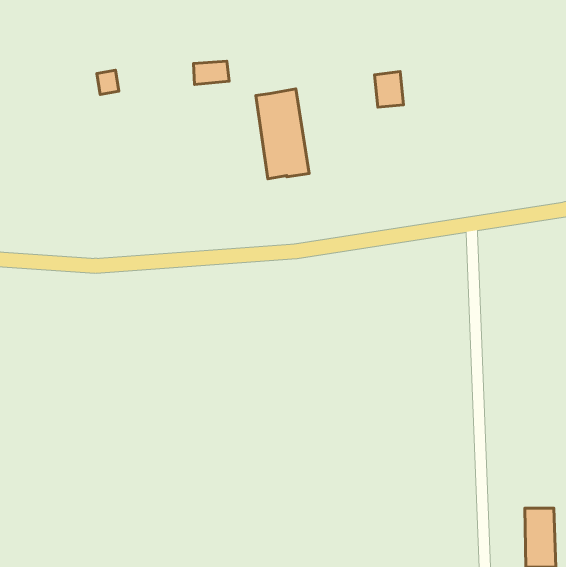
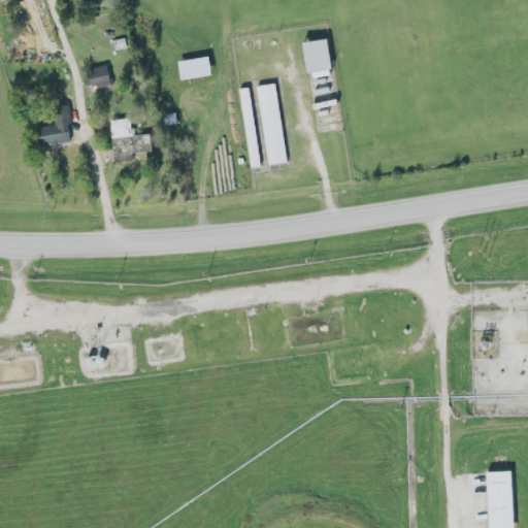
building: [375,71,404,107] -> [306,38,333,71]
building: none -> [40,111,72,146]
building: none -> [109,118,152,161]

